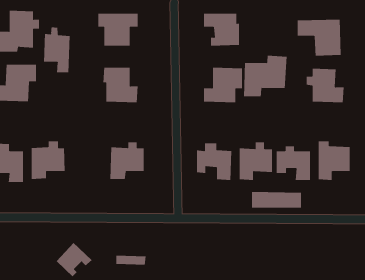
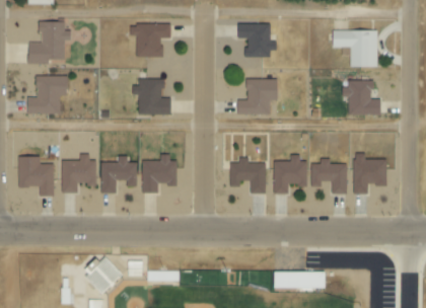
building: [44,27,70,73] -> none
building: [244,55,287,97] -> none
building: none -> [100,156,138,194]
building: [251,191,302,208] -> [273,271,325,288]

